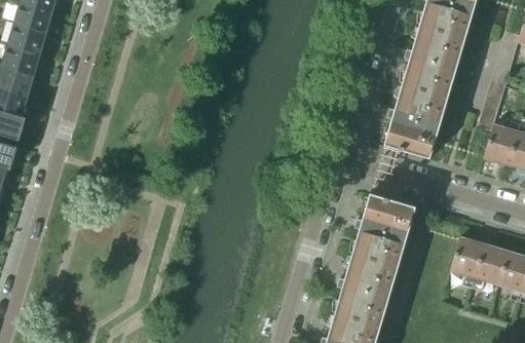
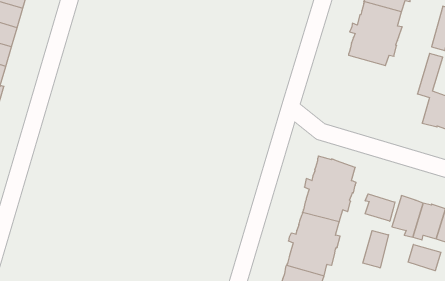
building: [384,84,444,157] -> none
building: none -> [365,194,395,221]
building: none -> [363,231,389,268]
building: none -> [408,244,441,271]

